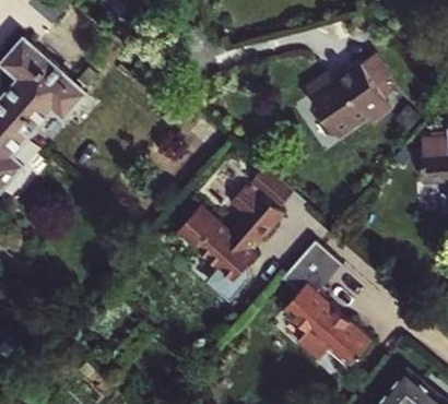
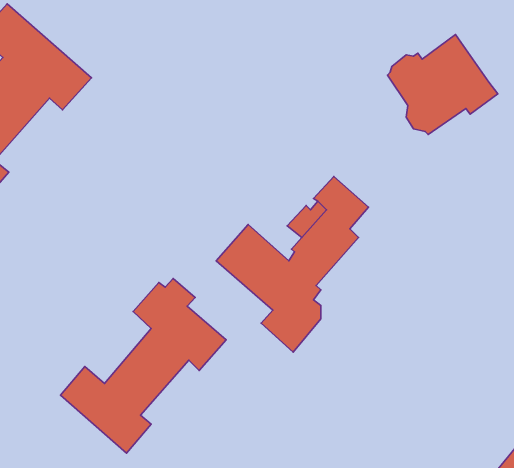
building: [280,240,373,368] -> none
building: none -> [60,278,226,453]

